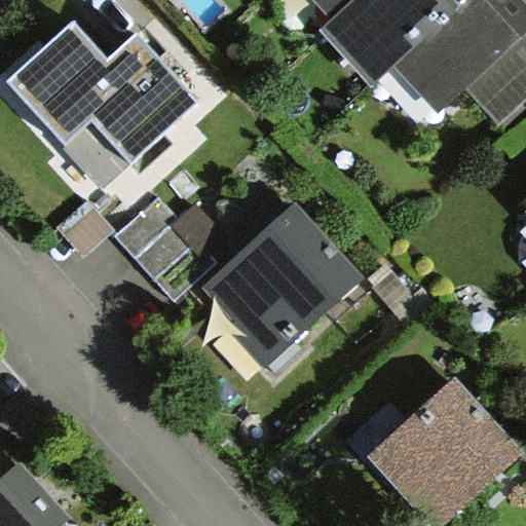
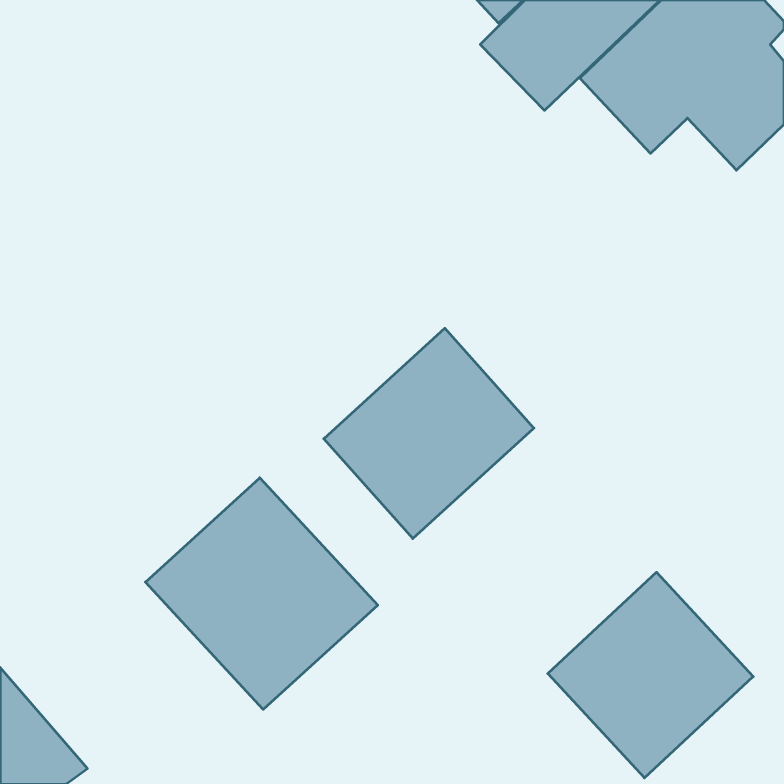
building: [9,25,193,185] -> none
building: [120,203,215,300] -> none
building: none -> [145,478,378,709]

